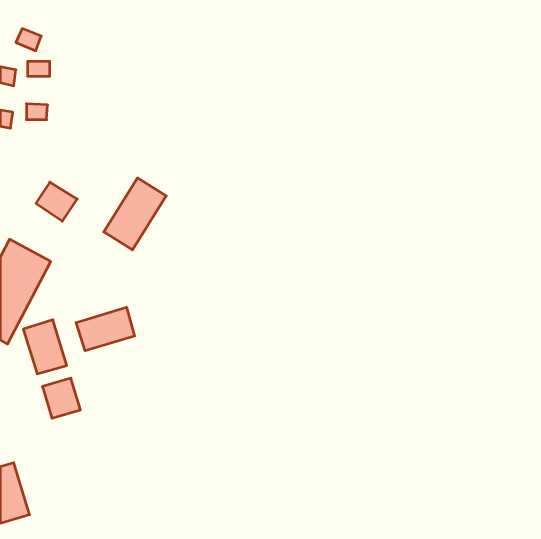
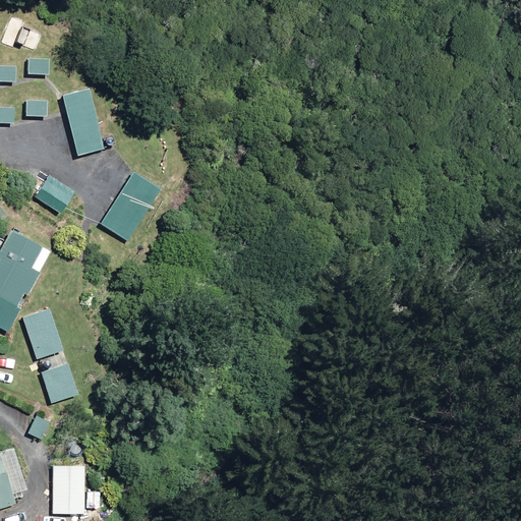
building: none -> [61,88,102,155]
building: [76,307,135,351] -> none
building: none -> [51,463,86,514]

